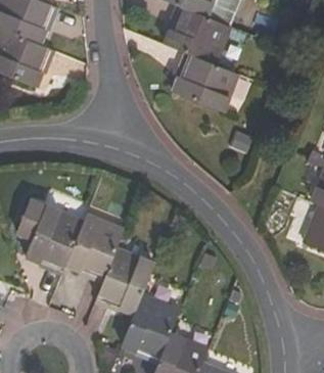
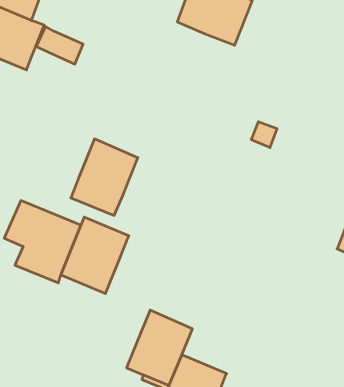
building: [174,54,239,111] -> none
building: [96,247,154,314] -> [71,139,138,215]

